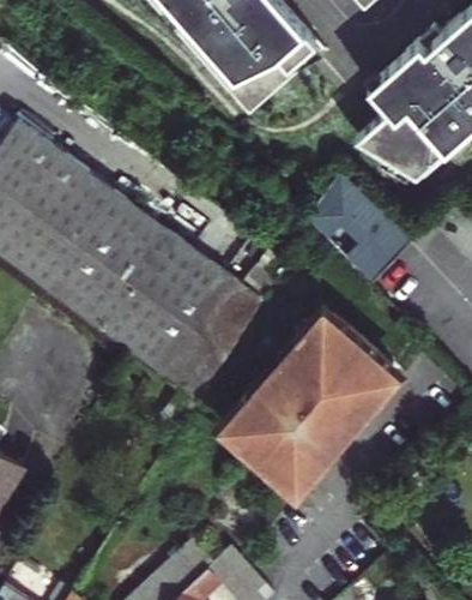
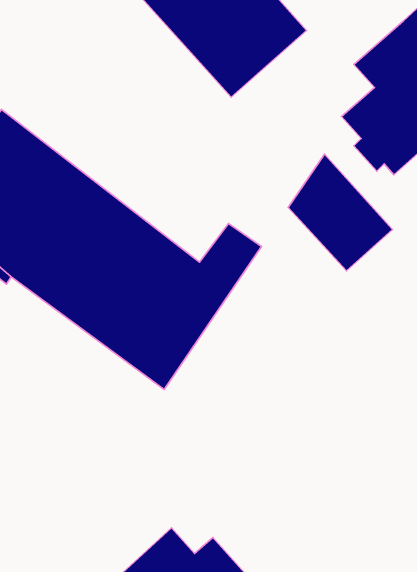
building: [223,306,407,503] -> none

